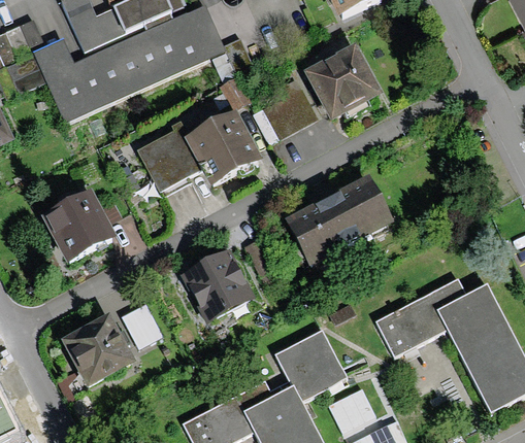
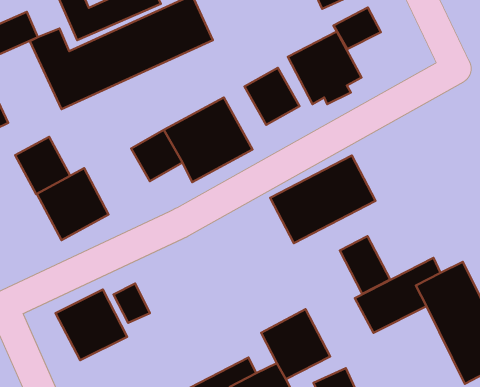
building: none -> [334,8,381,49]
building: none -> [15,137,70,194]
building: [179,244,256,320] -> none
building: none -> [340,236,390,294]

